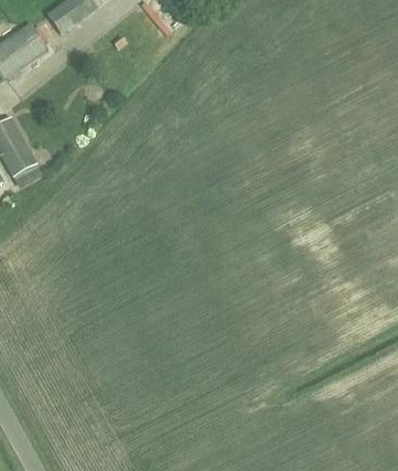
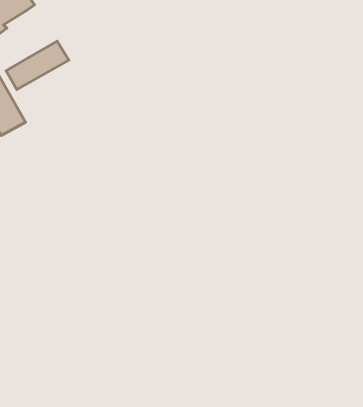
building: none -> [6,41,69,90]

